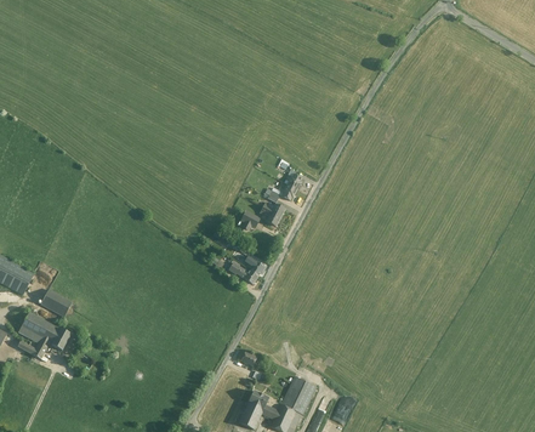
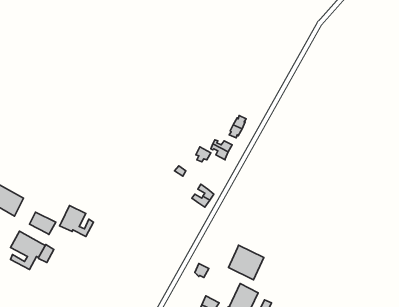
building: none -> [60,206,93,236]
building: none -> [228,245,264,280]

